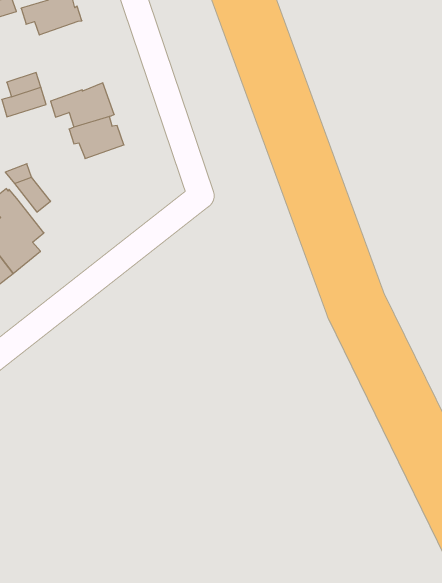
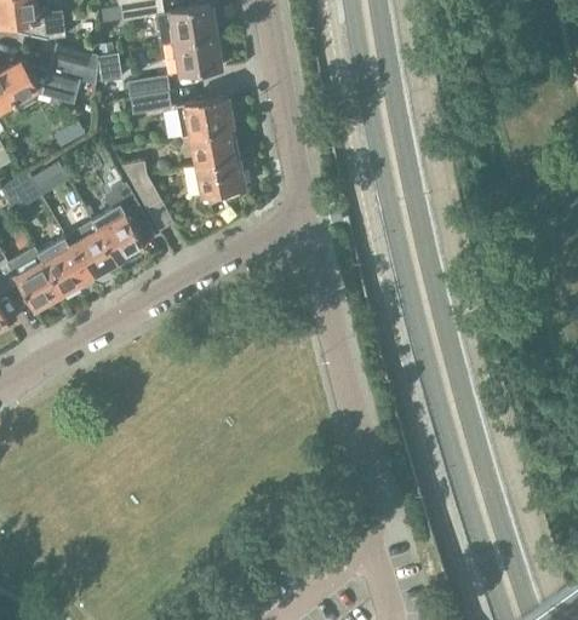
building: none -> [174,35,221,76]
building: none -> [195,159,245,199]

